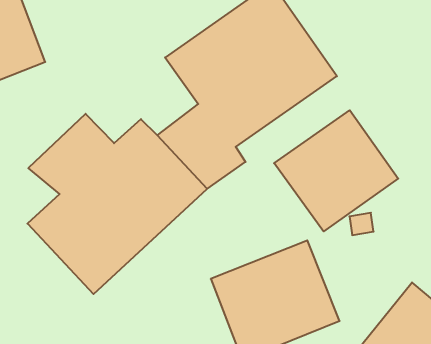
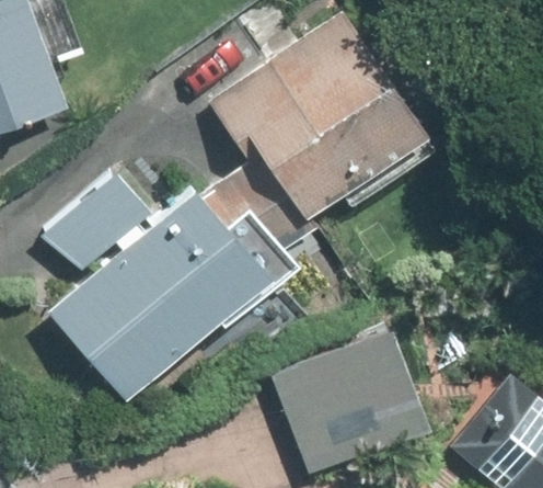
building: [274,110,398,231] -> none

